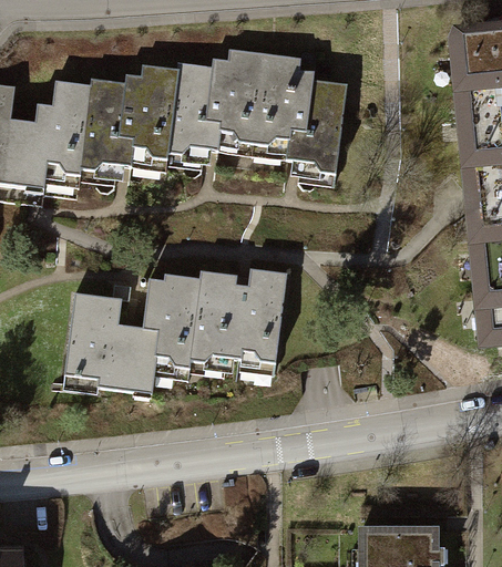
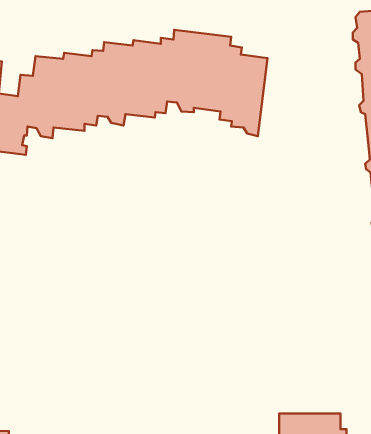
building: [64,268,288,393] -> none

